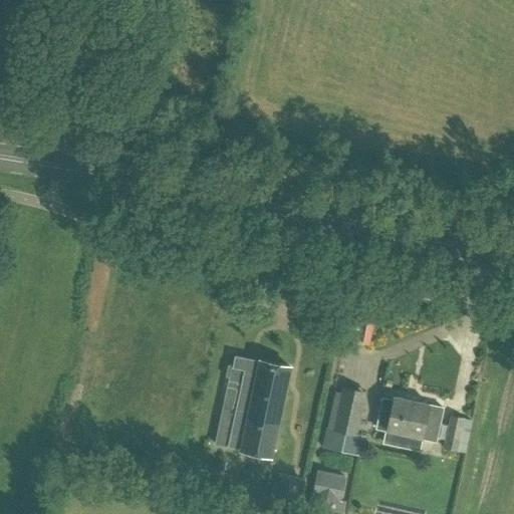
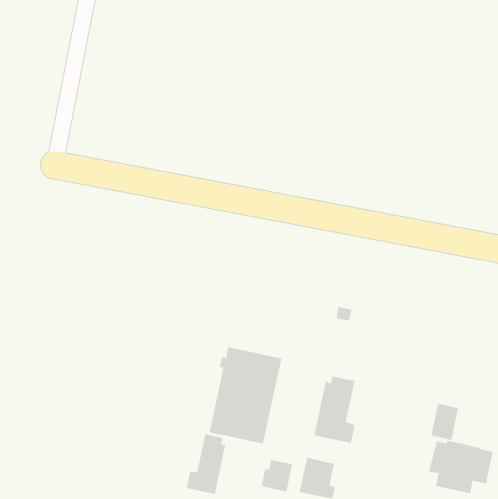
building: [375,397,443,452] -> [428,440,494,494]
building: none -> [186,434,226,495]

